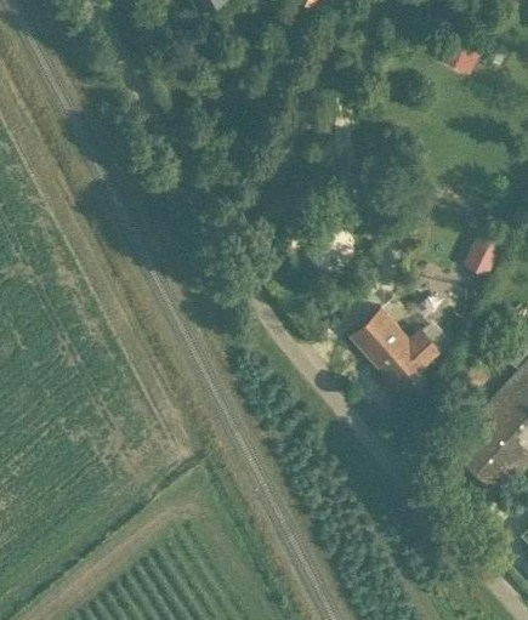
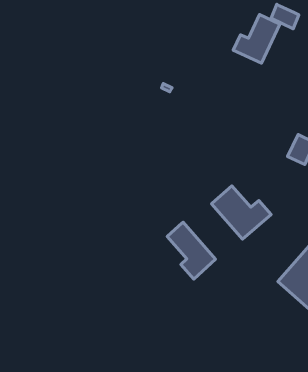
building: none -> [233,15,280,63]
building: none -> [167,222,216,279]

